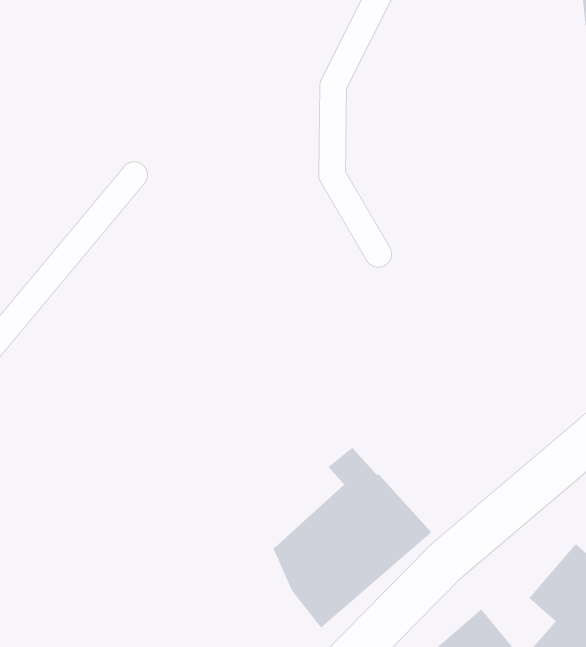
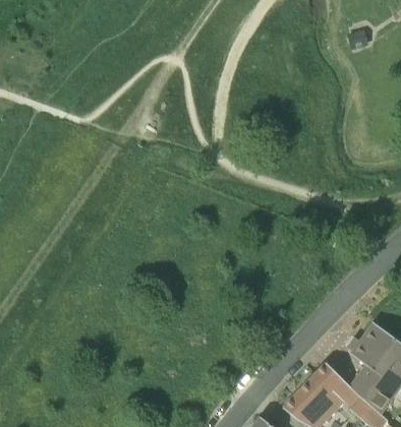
building: [272,447,432,628] -> none

